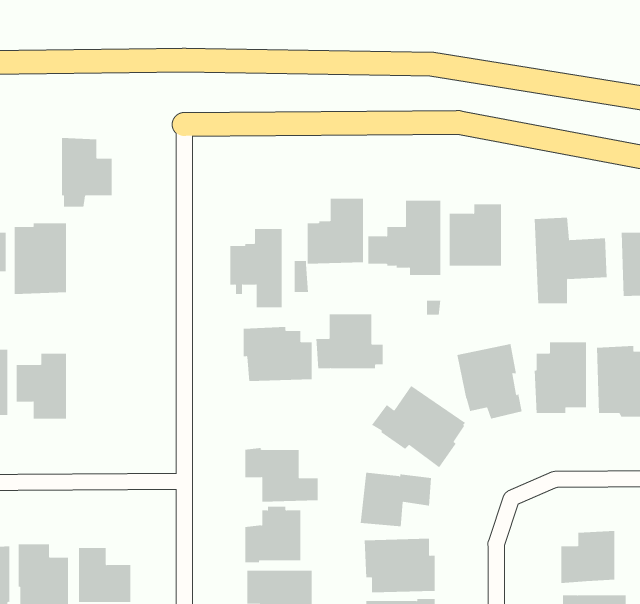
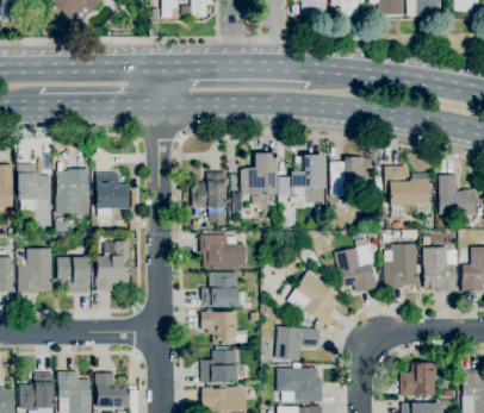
building: [61,137,112,207] -> [97,173,129,217]
building: [315,314,384,369] -> [201,273,244,307]
building: none -> [97,240,130,292]

